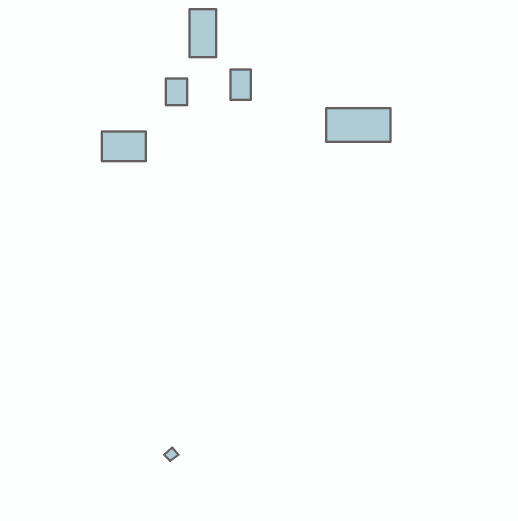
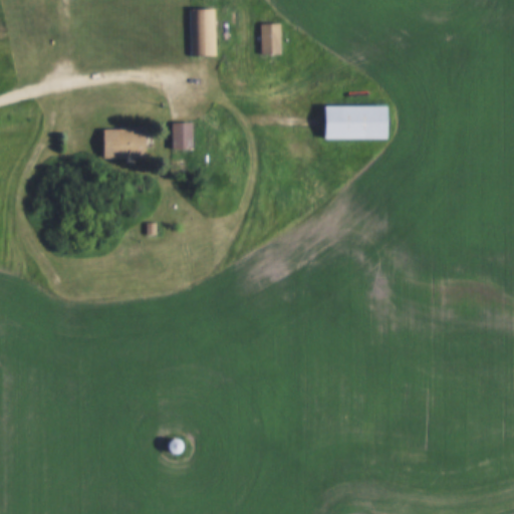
building: [230,69,251,100] -> [261,24,281,54]
building: [166,79,187,105] -> [172,123,193,150]

